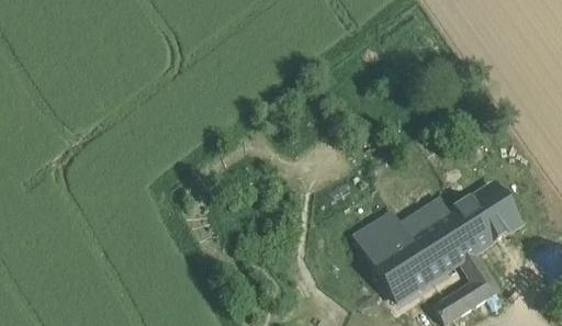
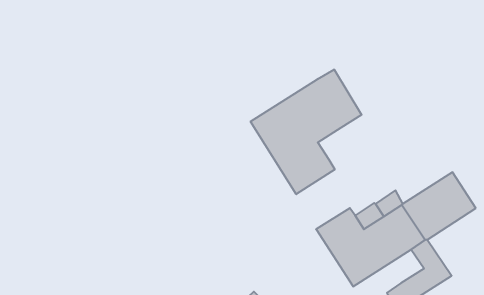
building: none -> [251,69,362,194]

